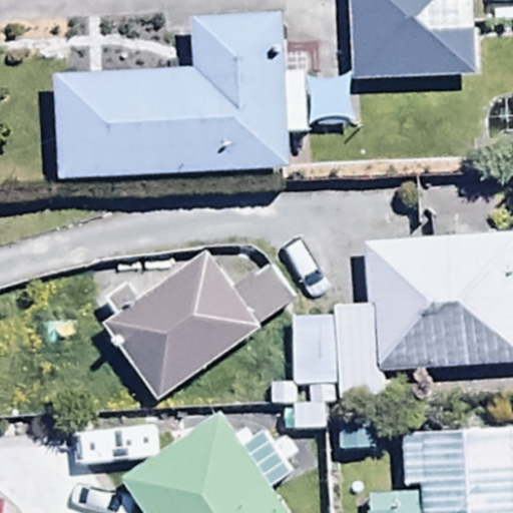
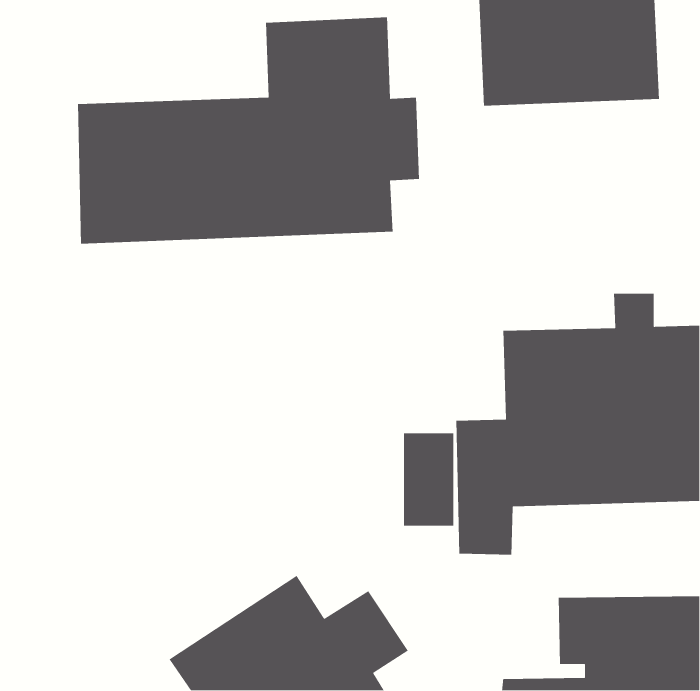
building: [103,252,263,402] -> none

